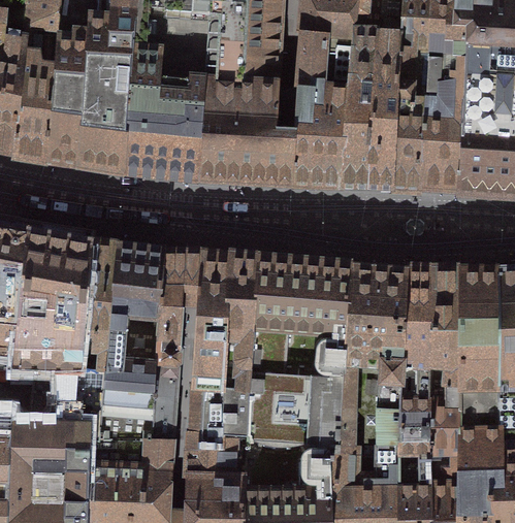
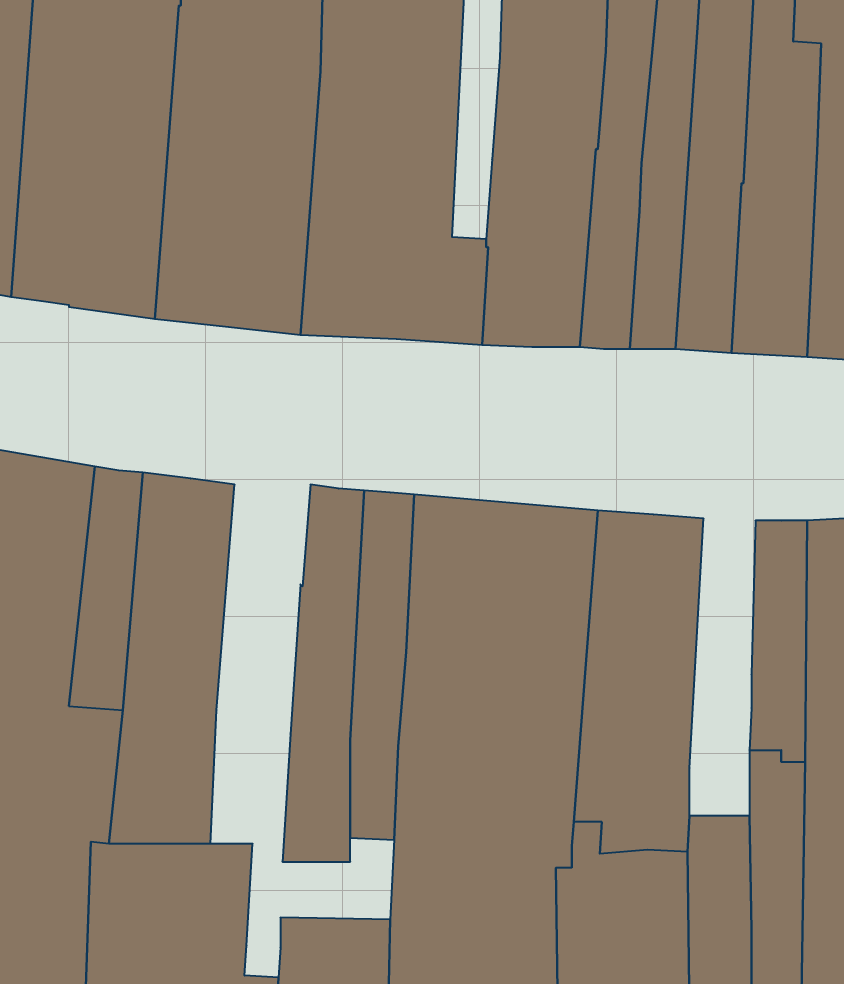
building: [152,253,203,438] -> none
building: [399,270,433,424] -> none
building: [188,435,247,478] -> none

